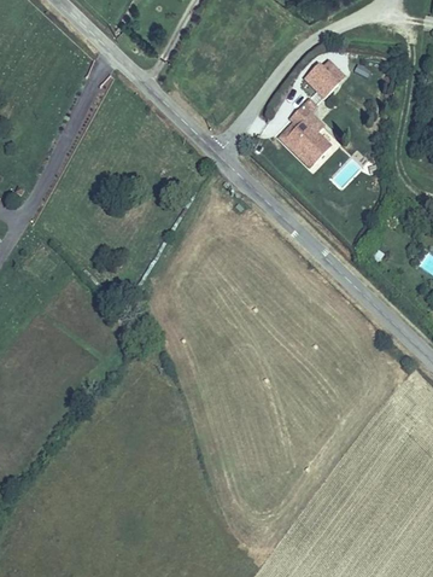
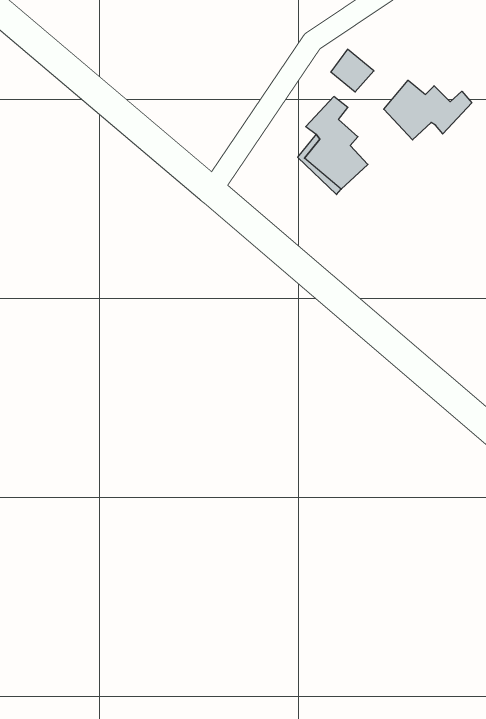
building: none -> [384,80,472,140]

